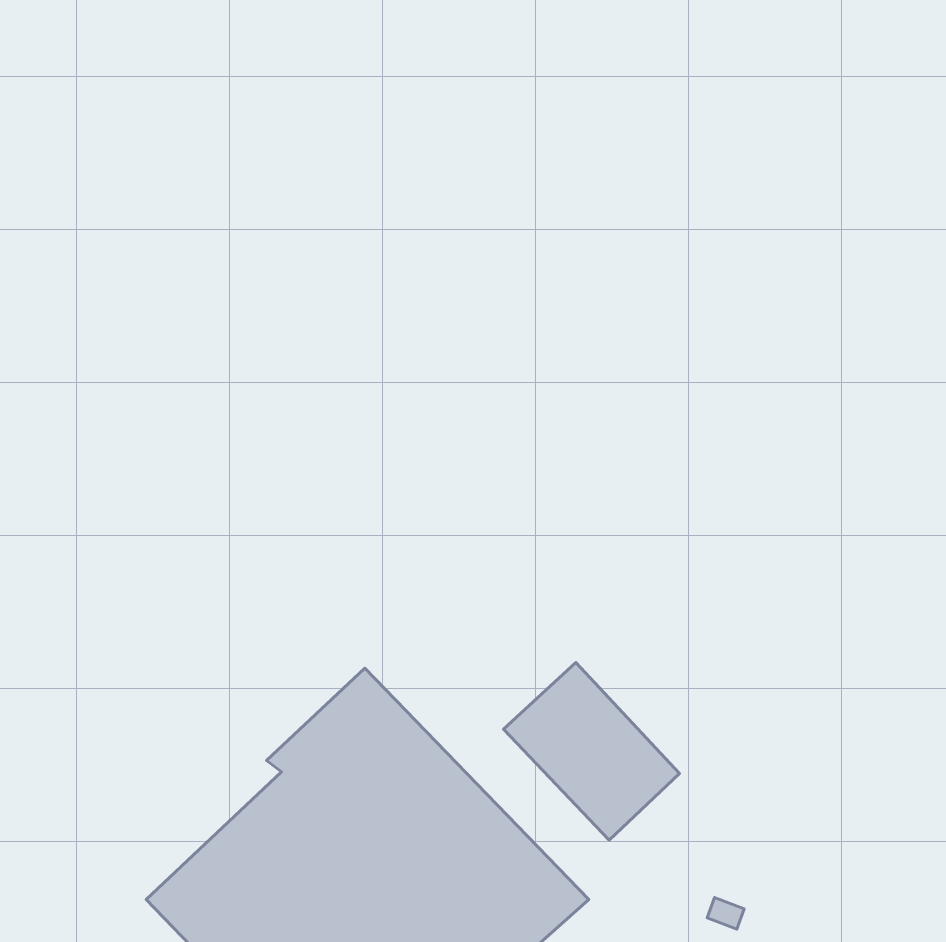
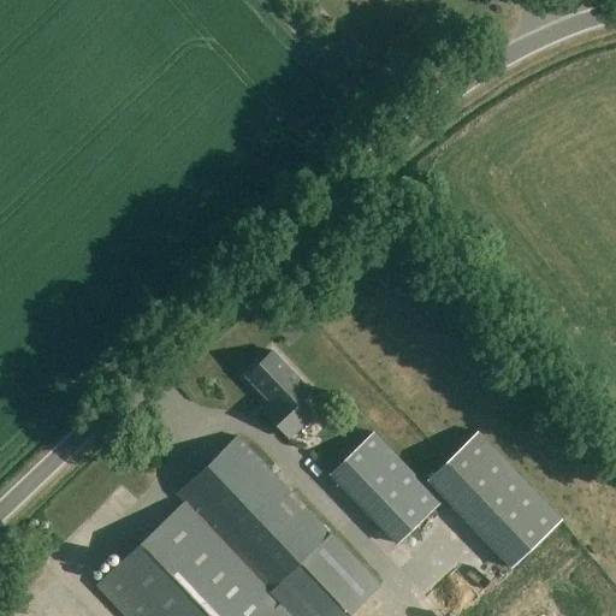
building: none -> [250,357,313,442]
building: none -> [430,432,564,564]

